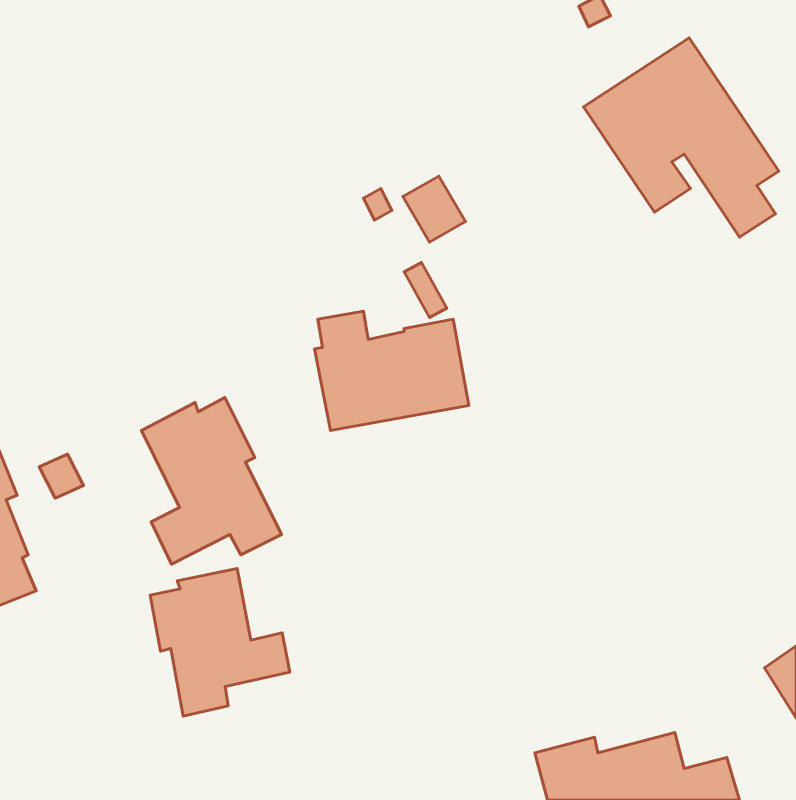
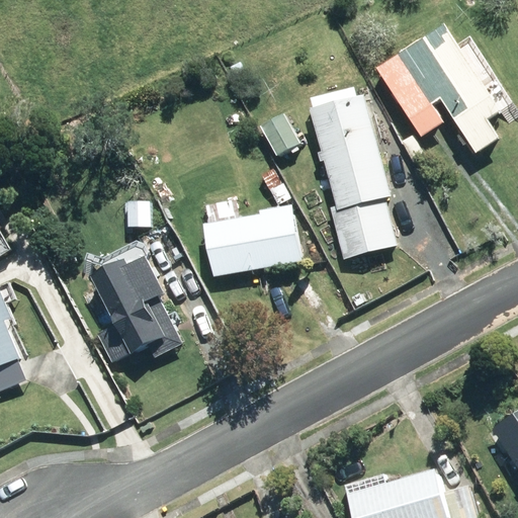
building: none -> [311,87,397,260]
building: [150,568,290,716] -> none

